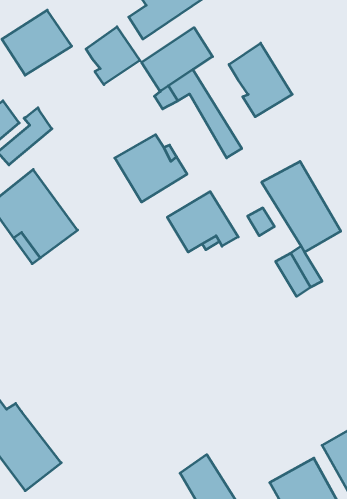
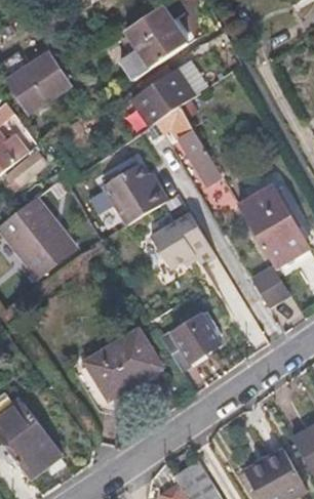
building: [86,27,140,85] -> none
building: [229,43,292,117] -> none
building: none -> [161,314,221,369]
building: none -> [86,330,162,399]

